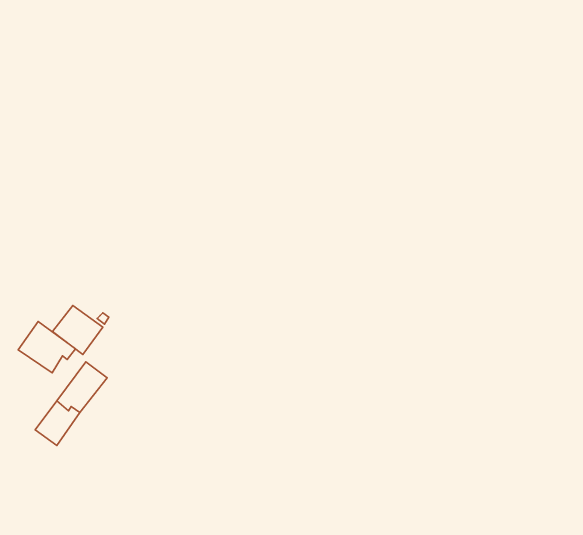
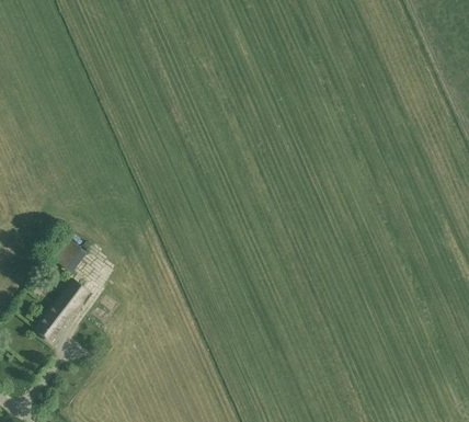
building: [18,321,75,373] -> none

